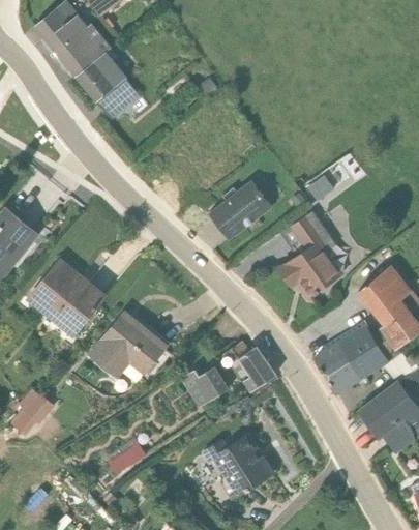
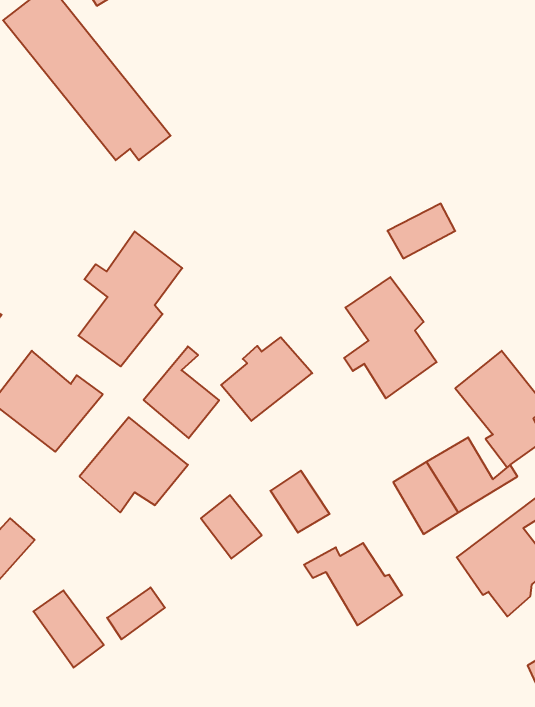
building: none -> [78,231,182,366]
building: [208,179,273,239] -> [221,337,312,421]
building: none -> [144,346,219,438]
building: [202,436,272,495] -> [304,543,402,625]
building: none -> [33,590,104,668]

